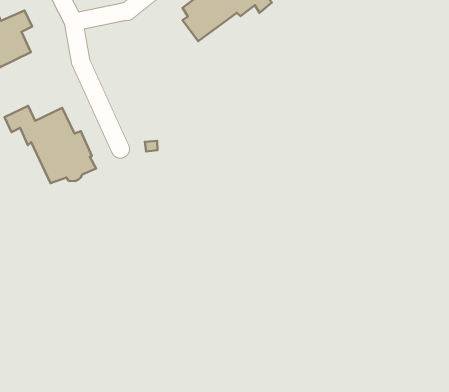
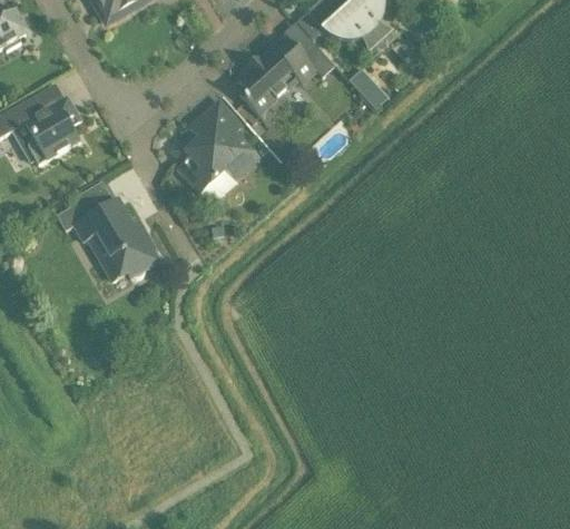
building: none -> [350,68,389,109]
building: none -> [169,98,262,186]

